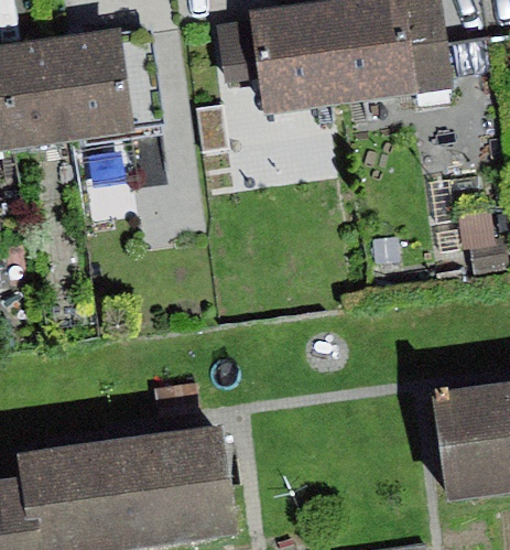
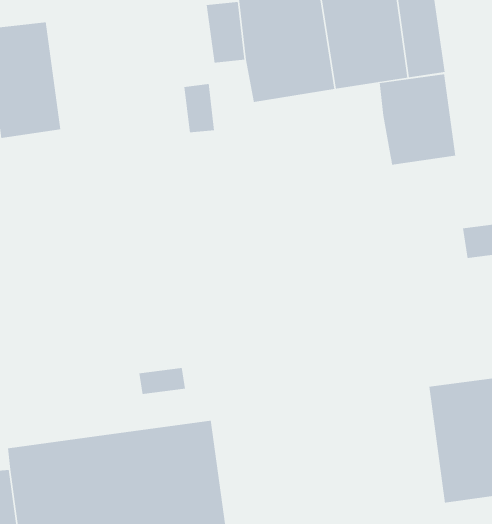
building: [61,24,162,141] -> none
building: none -> [379,74,456,165]

